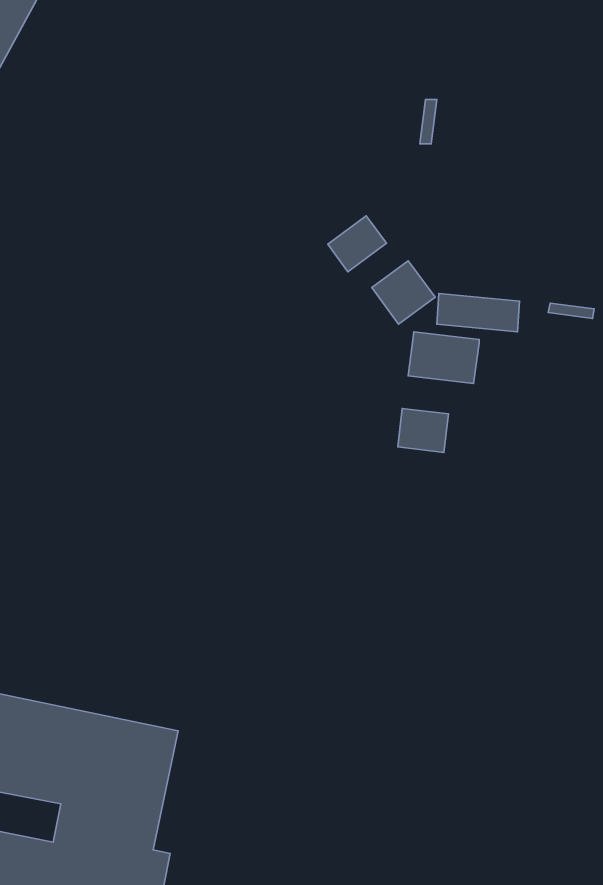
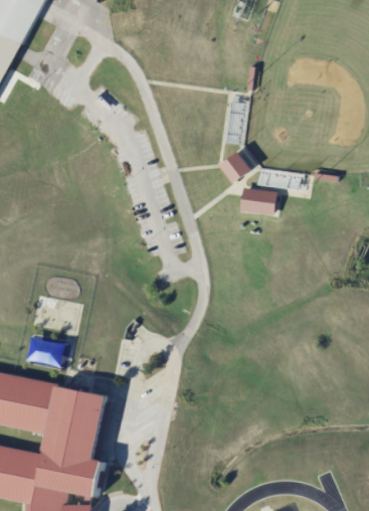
building: [328,216,387,272] -> none
building: [398,409,448,452] -> none

